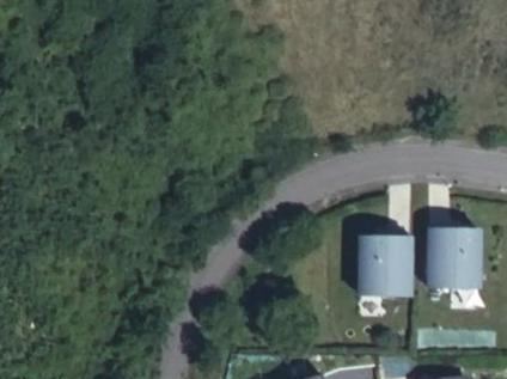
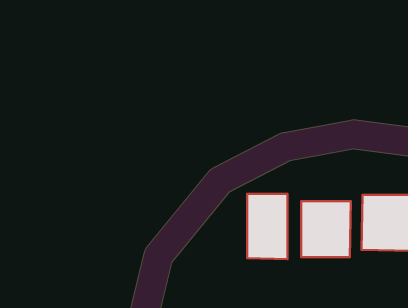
building: none -> [247,194,288,259]

